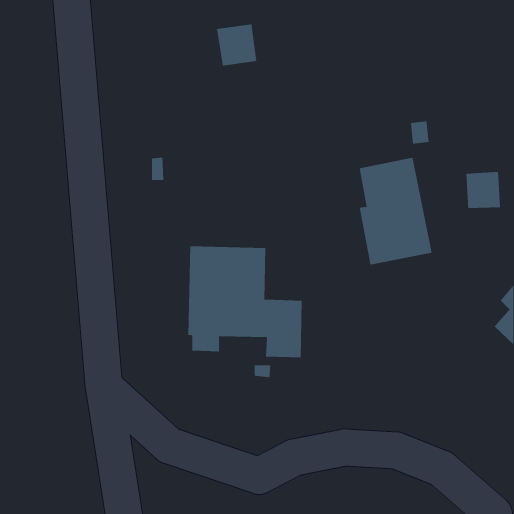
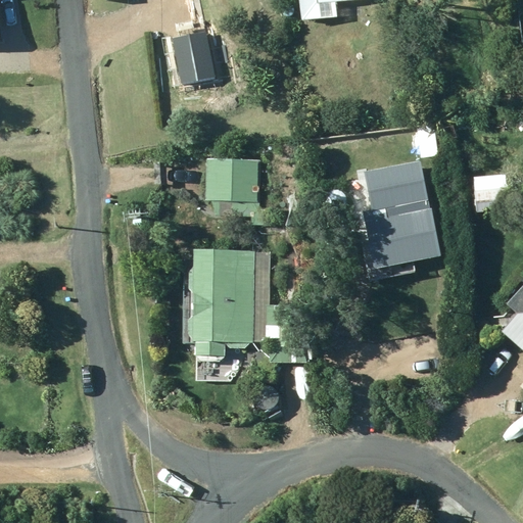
building: [216,24,257,66] -> [170,32,211,75]
building: none -> [205,159,262,225]

